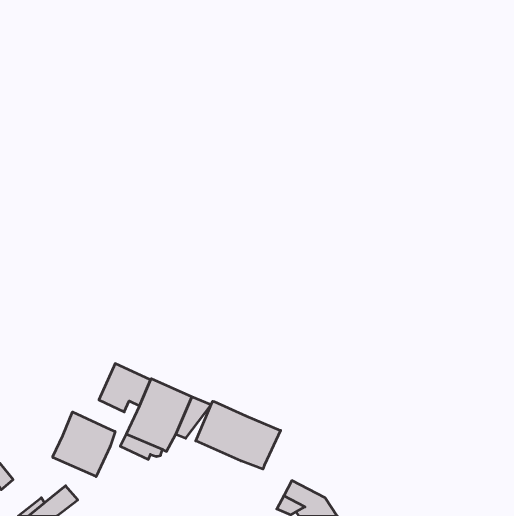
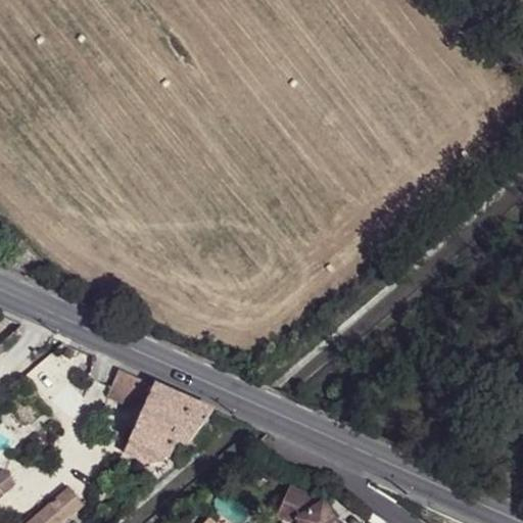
building: [196,401,281,469] -> none
building: [53,412,115,477] -> none

